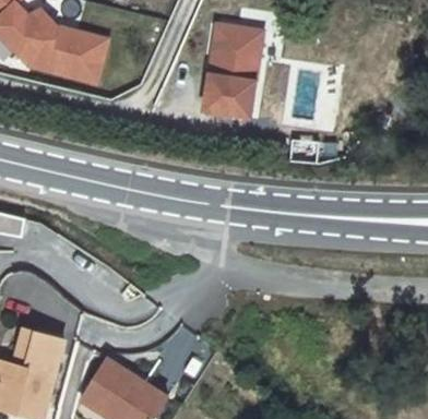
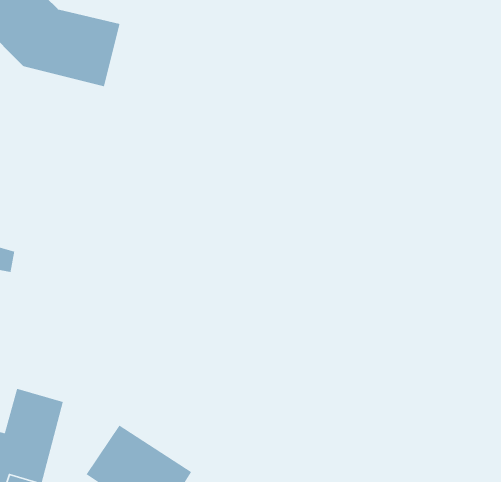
building: [201,25,262,119] -> none

